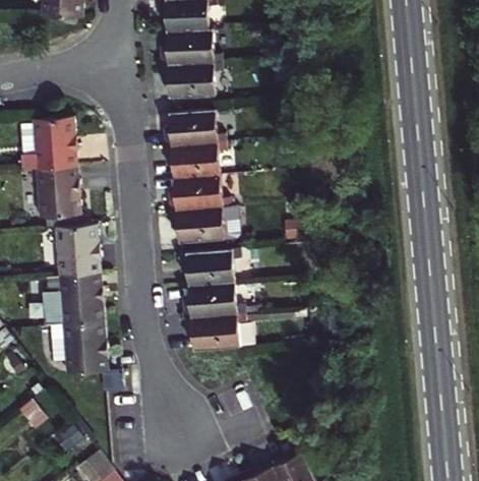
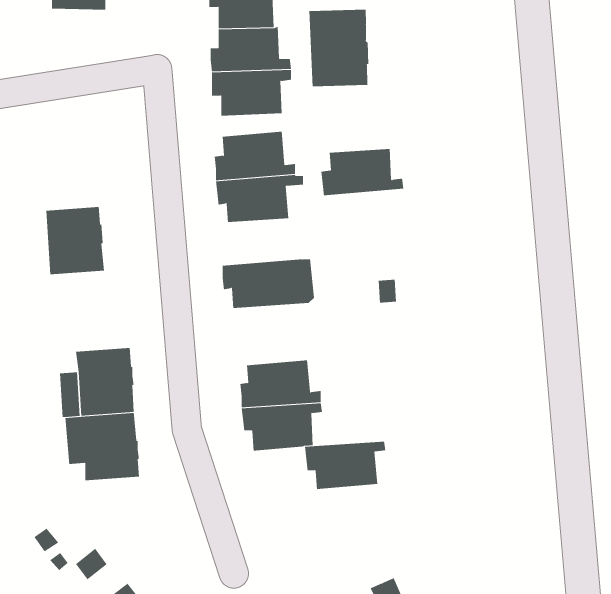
building: none -> [309,9,369,87]
building: [20,117,77,171] -> none
building: [168,176,231,212] -> [321,149,404,196]
building: [56,225,101,277] -> none
building: [179,250,241,287] -> [304,441,386,490]

